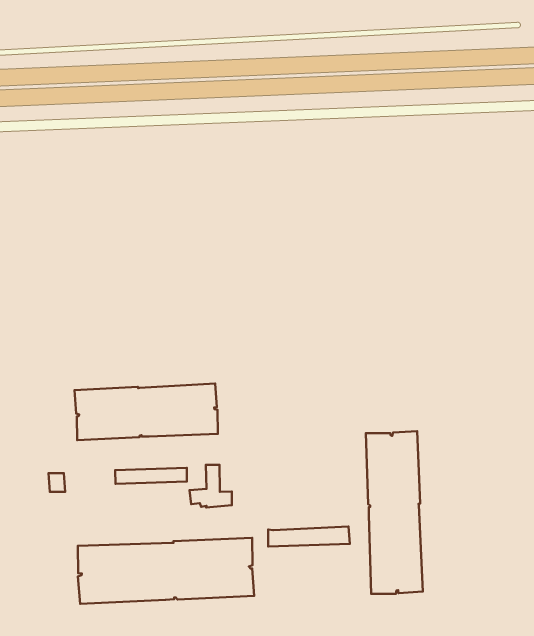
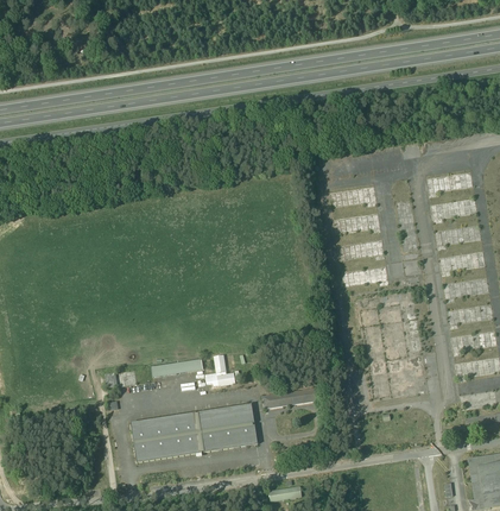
building: [74,384,218,440] -> none
building: [366,431,423,594] -> none

